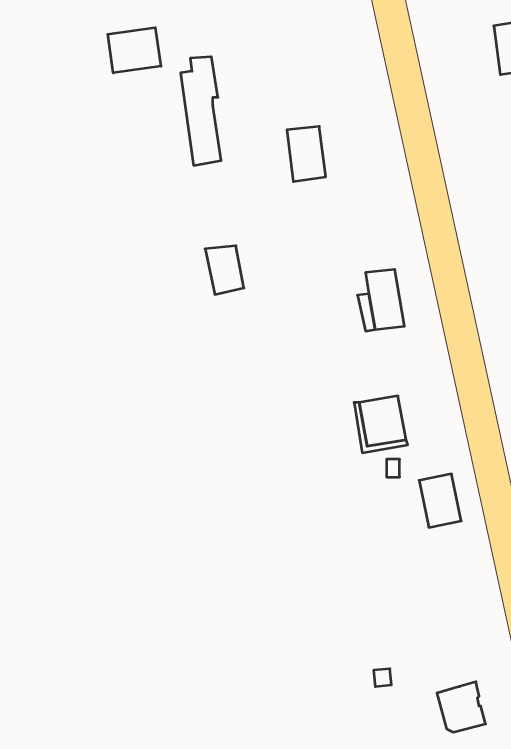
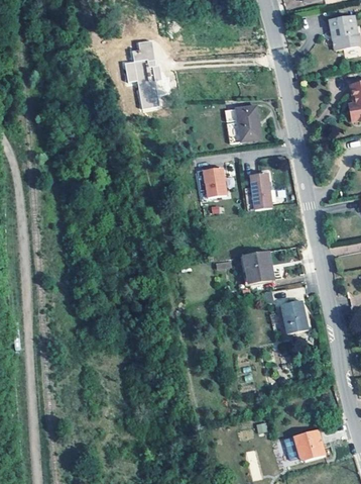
building: [108,28,161,73] -> none
building: [287,126,326,182] -> [237,105,261,139]
building: [205,246,244,294] -> [203,167,227,197]

